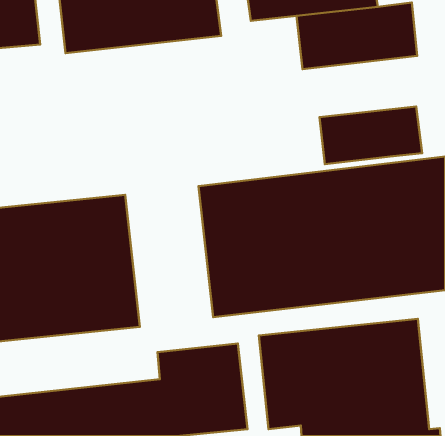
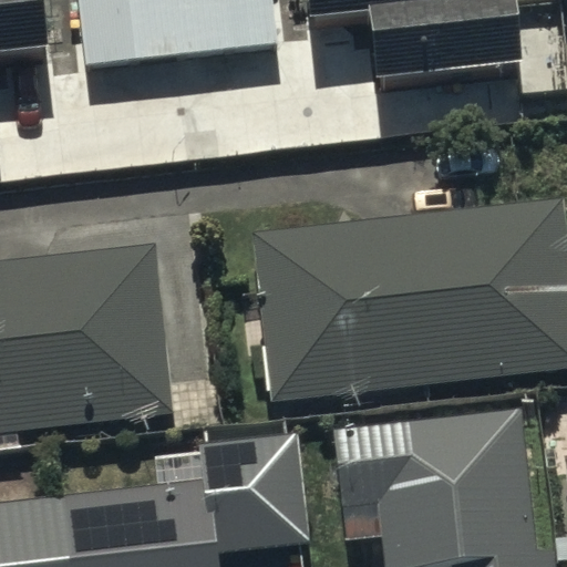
building: [320,106,422,164] -> none

